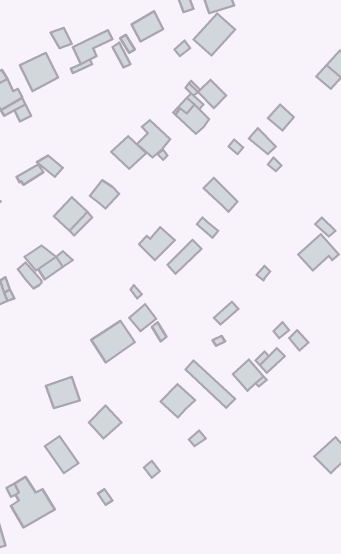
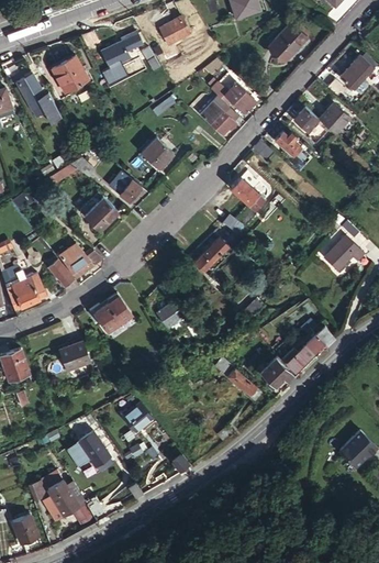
building: [193,14,235,55] -> [268,22,309,63]
building: none -> [319,101,350,133]
building: [137,120,170,158] -> none
building: [139,227,175,260] -> none
building: [91,321,135,362] -> [89,294,132,334]
building: [46,377,80,408] -> [59,342,92,373]
building: [160,384,195,418] -> none

